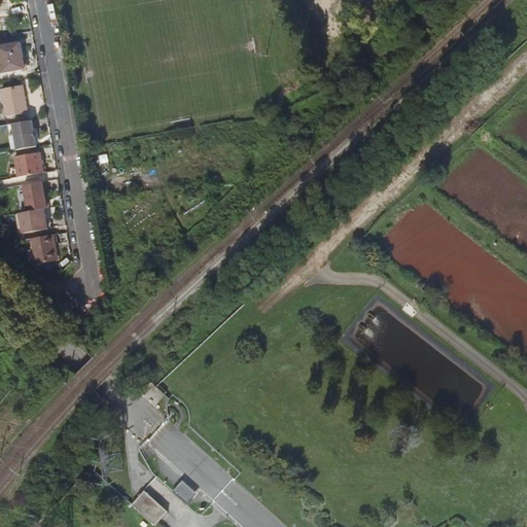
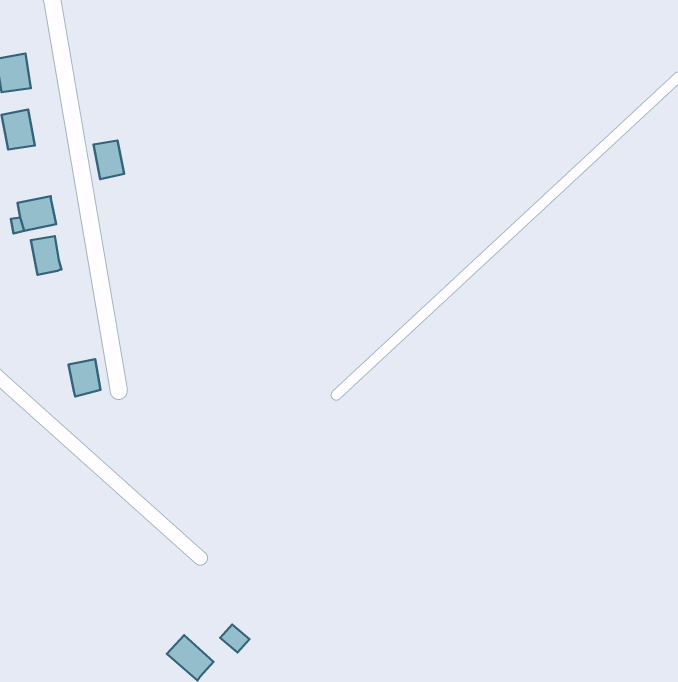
building: [12,119,36,149] -> [93,141,124,179]
building: [20,209,47,234] -> none
building: [31,235,56,264] -> [69,359,101,397]

